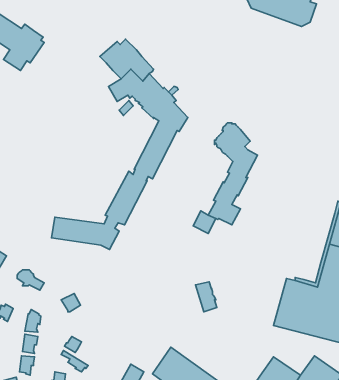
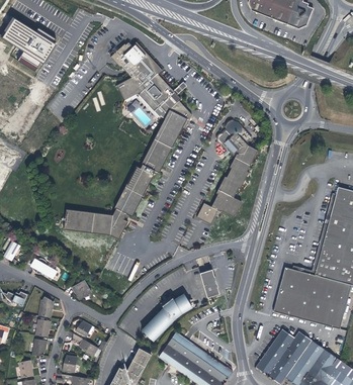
building: none -> [143,294,192,339]
building: none -> [273,328,312,358]

